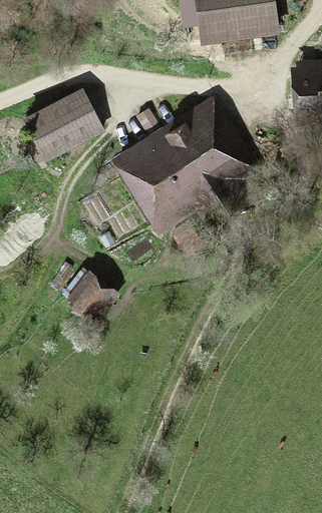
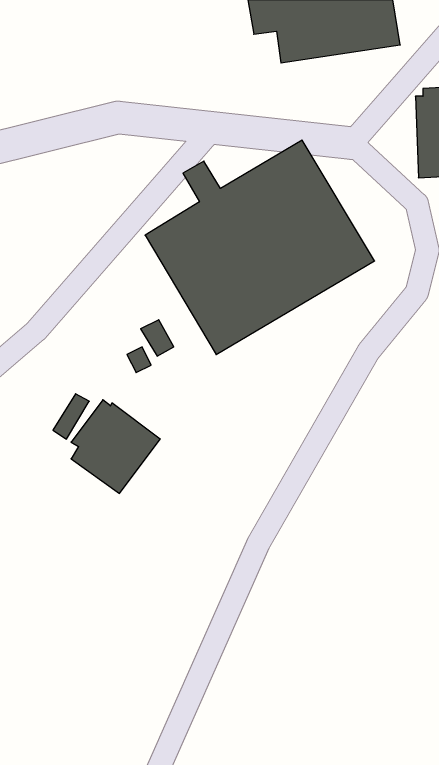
building: [22,86,105,160] -> none

